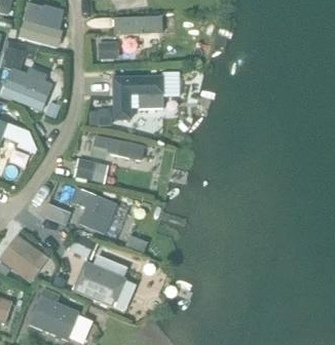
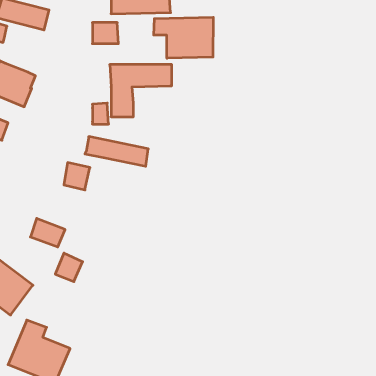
building: none -> [154,17,213,58]
building: [71,186,117,233] -> none
building: [73,261,125,306] -> none

